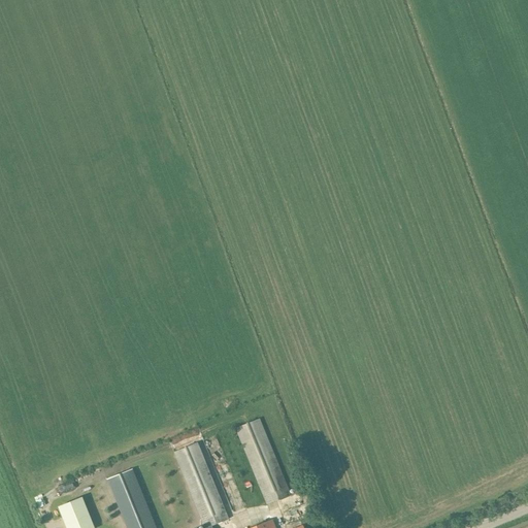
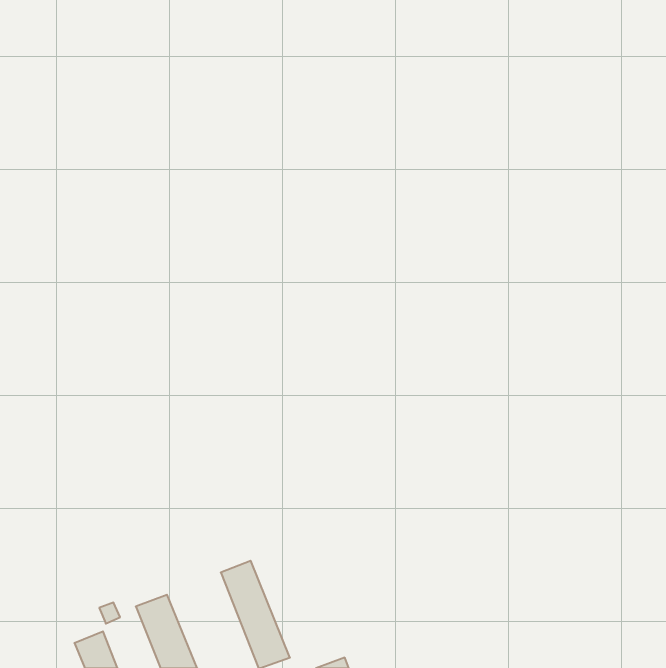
building: [236,419,292,504] -> none

